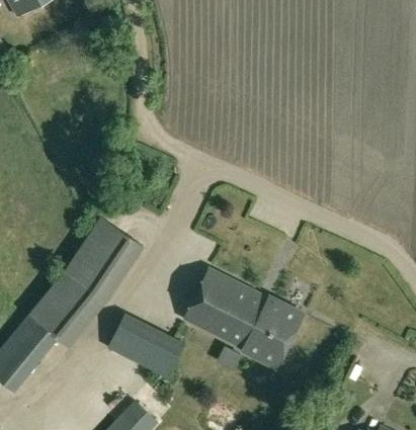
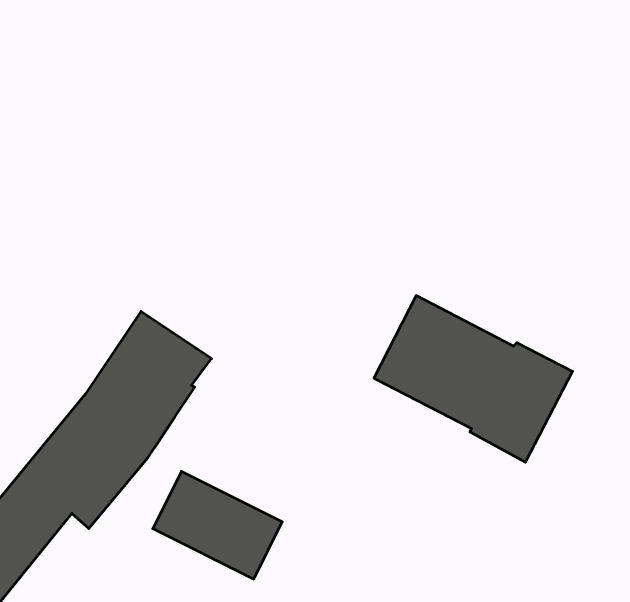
building: [184,268,304,368] -> [374,296,573,462]

